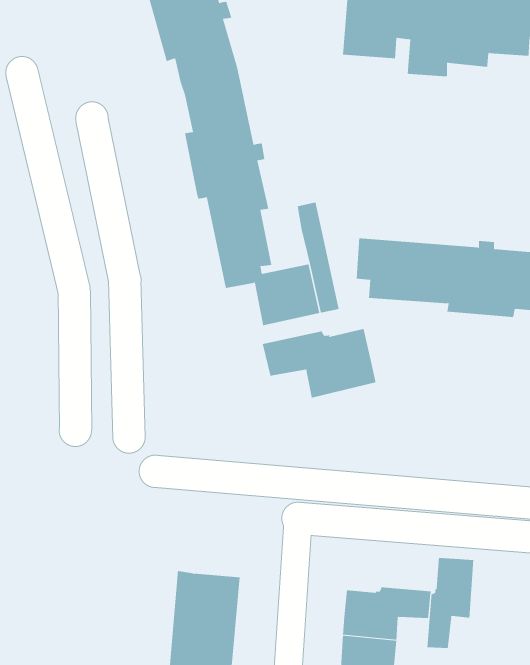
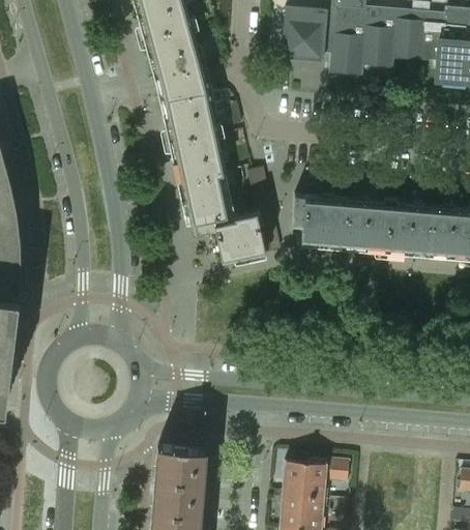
building: [262,328,376,398] -> none
building: [427,557,474,649] -> none

